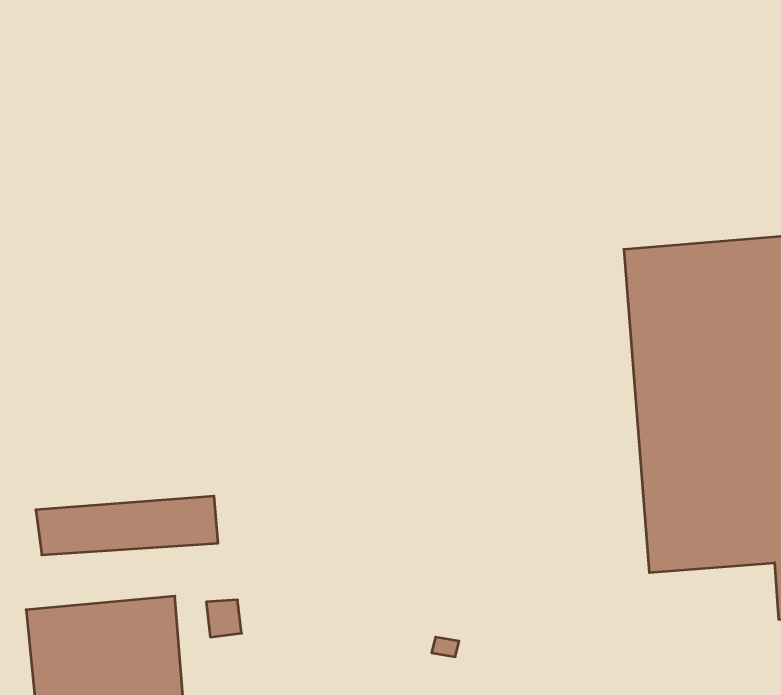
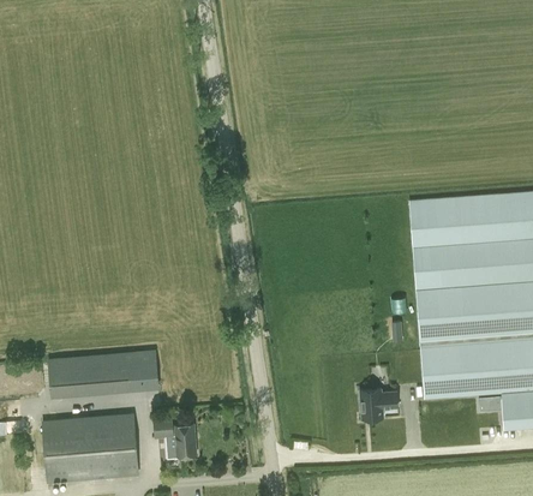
building: none -> [360,389,399,420]
building: none -> [175,424,197,456]

